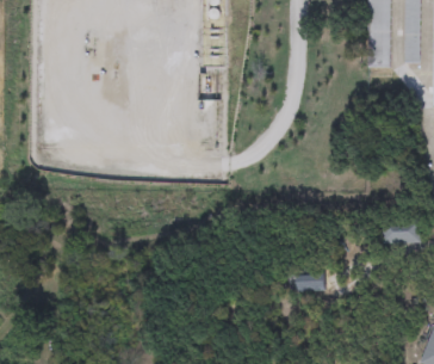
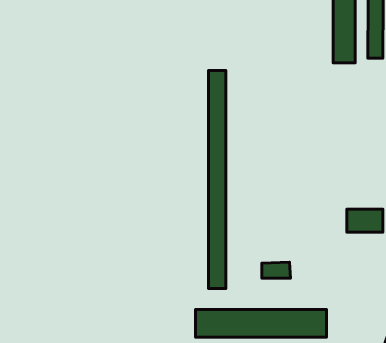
building: none -> [209,71,226,288]
building: none -> [196,310,327,337]

